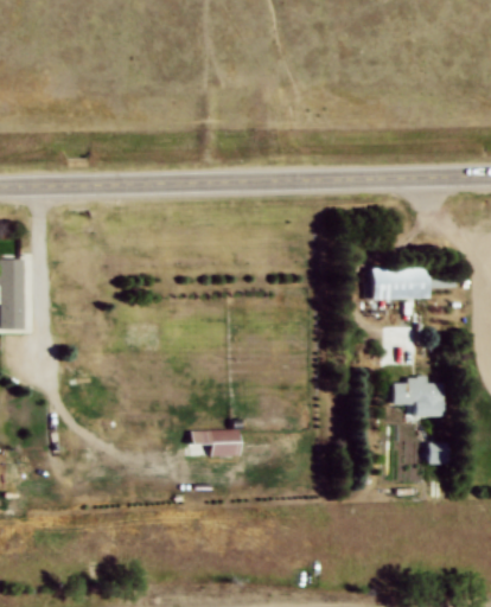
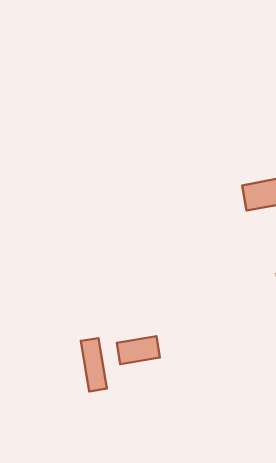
building: none -> [81,338,107,392]

